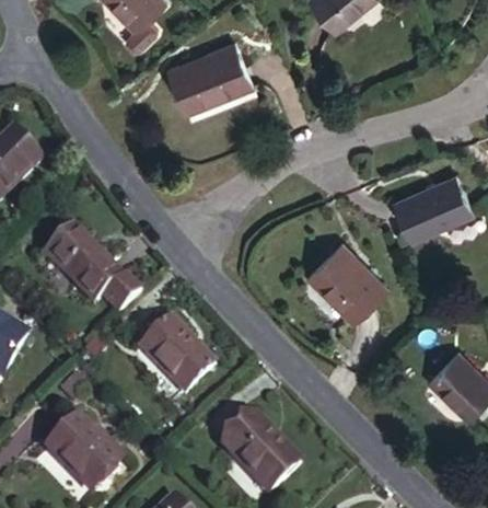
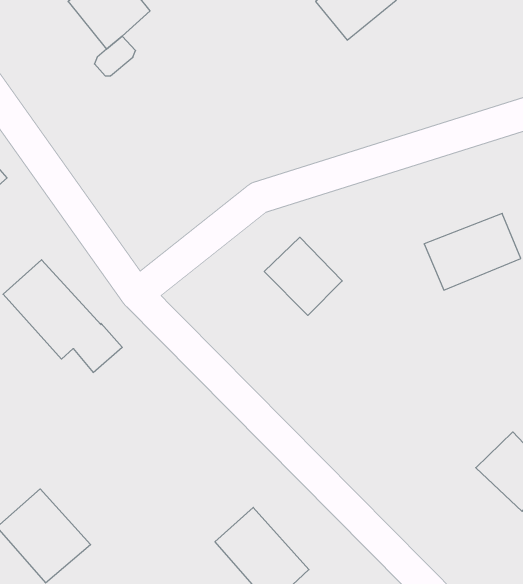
building: [162,47,246,119] -> none
building: [325,253,390,318] -> [264,237,342,315]
building: [136,312,211,390] -> none

